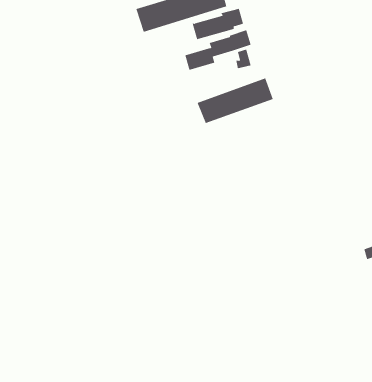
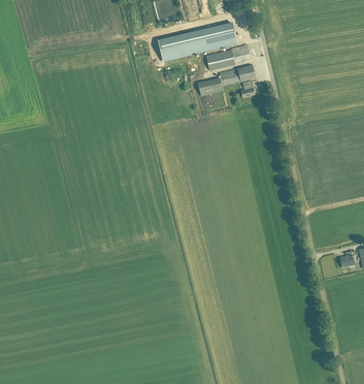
building: [197,77,273,124] -> none

